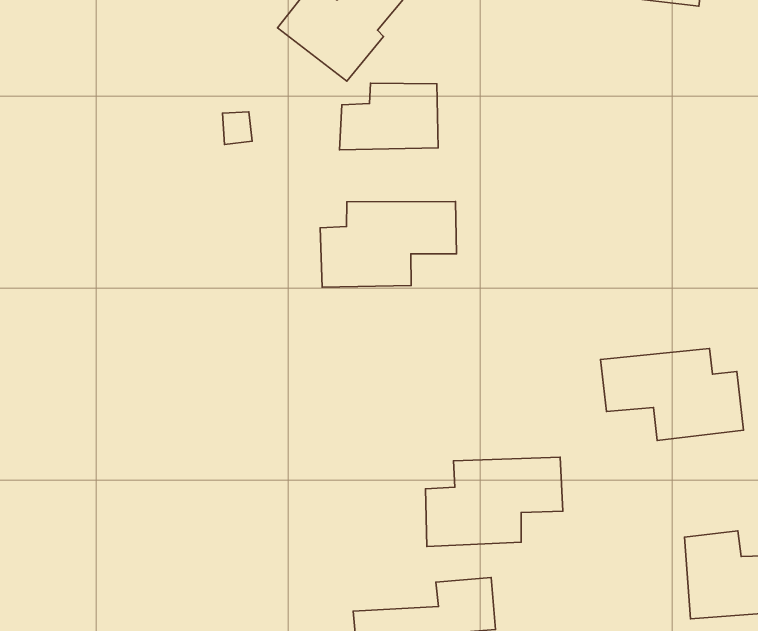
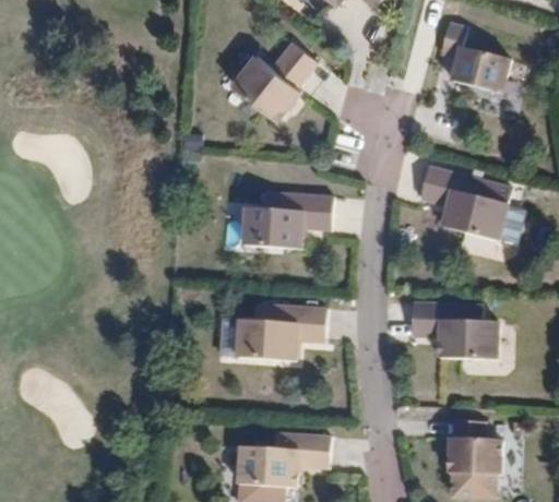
building: [340,83,438,150] -> none
building: none -> [419,171,506,247]
building: [425,457,563,546] -> [237,303,326,359]

